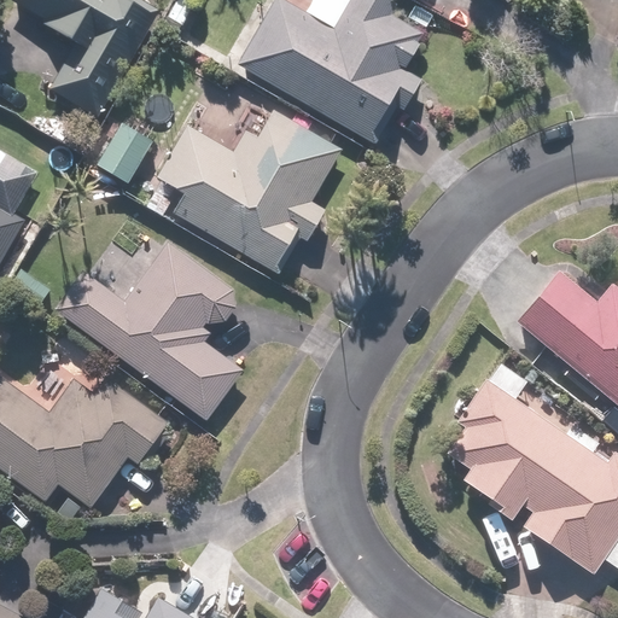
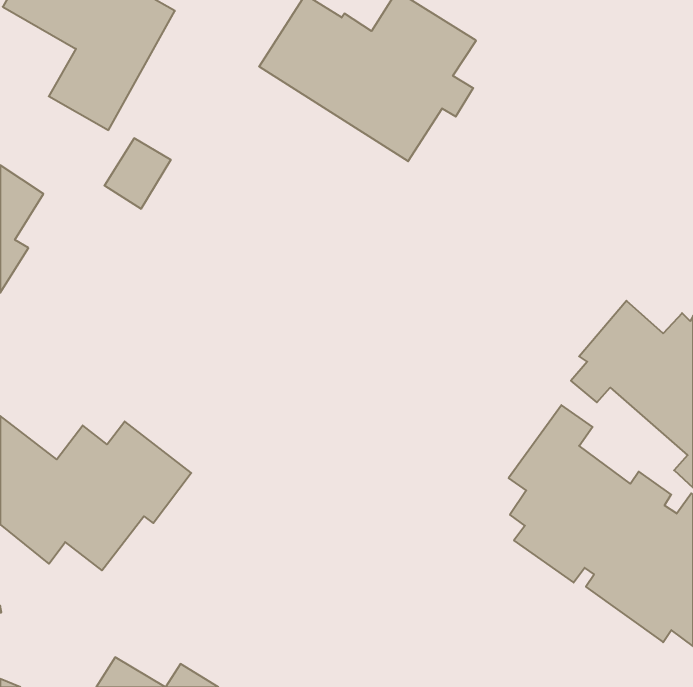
building: [150,104,346,274] -> none
building: [51,252,243,419] -> none

